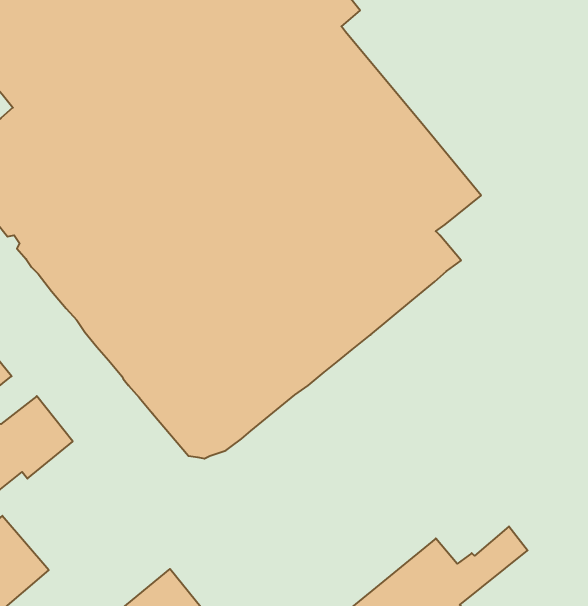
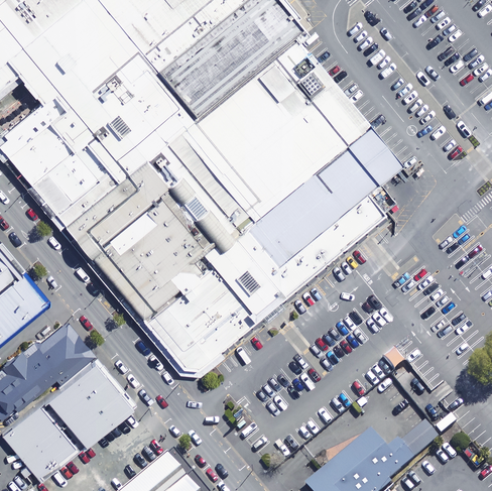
building: none -> [43,357,133,445]

